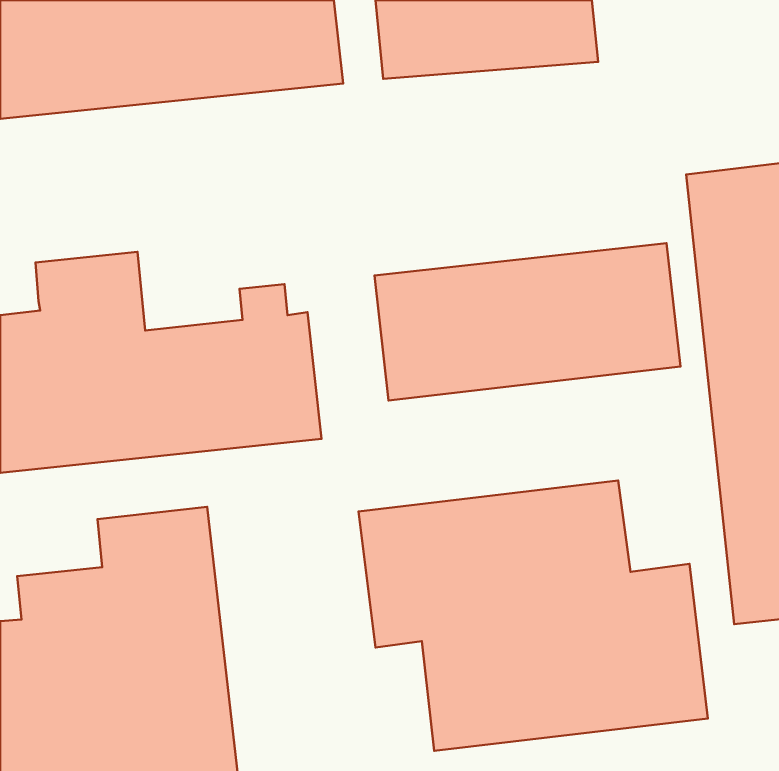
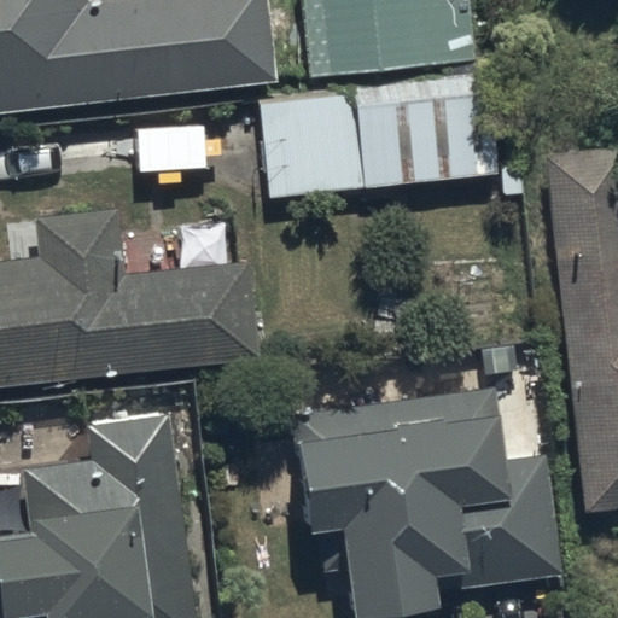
building: [375,243,681,401] -> [261,77,500,200]

